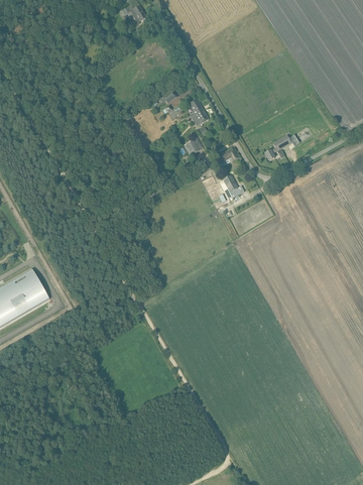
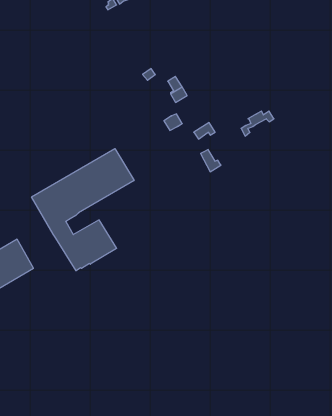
building: none -> [32,149,134,271]

